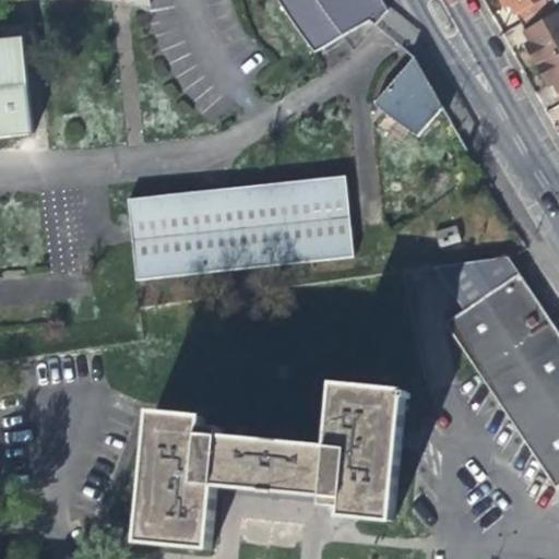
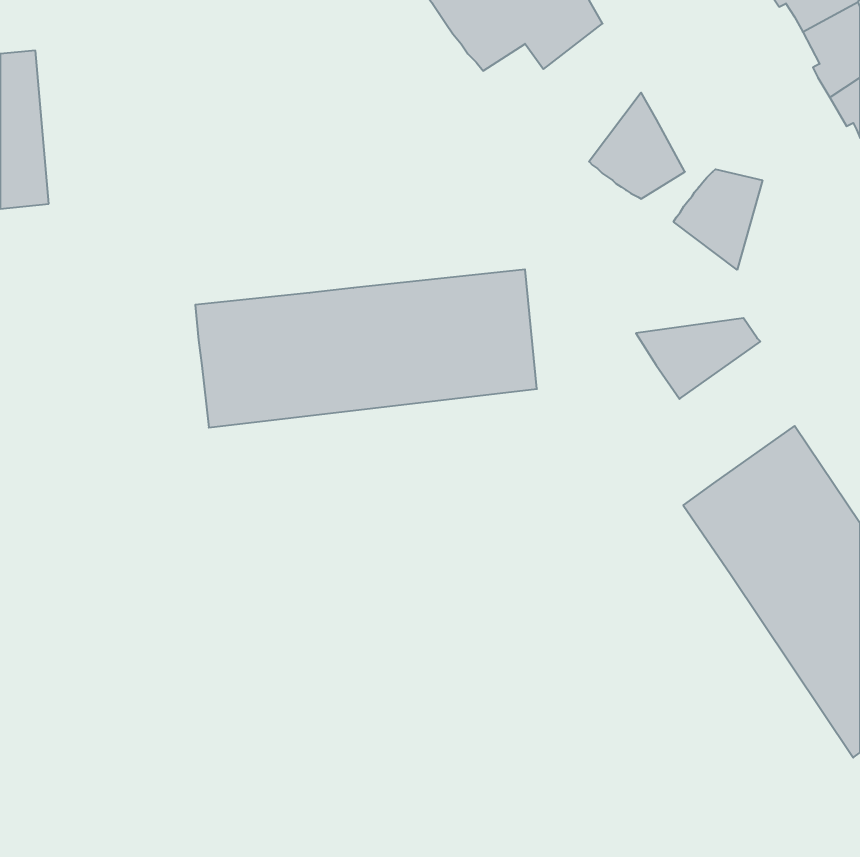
building: none -> [674,169,762,270]
building: [435,261,515,313] -> [636,318,760,399]
building: [139,381,406,547] -> none

